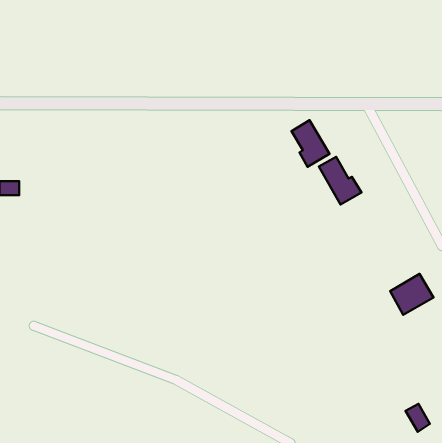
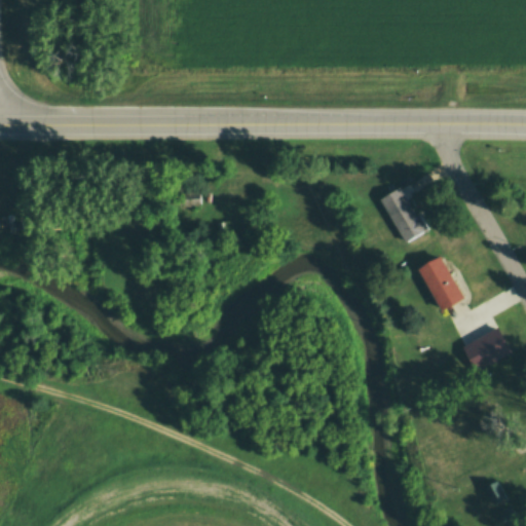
building: [291,120,330,167] -> none
building: none -> [417,254,464,310]

